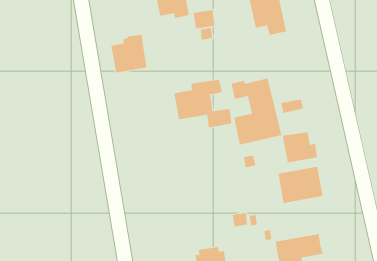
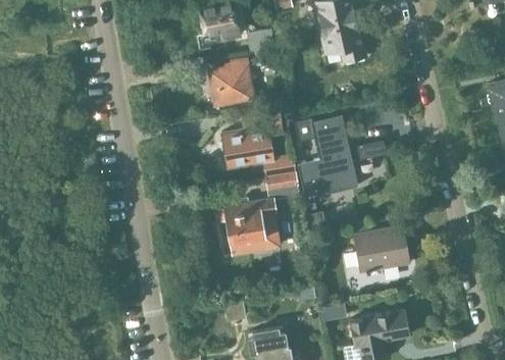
building: [111,34,147,73] -> [209,57,255,106]
building: none -> [223,172,299,256]
building: [282,131,318,163] -> none

